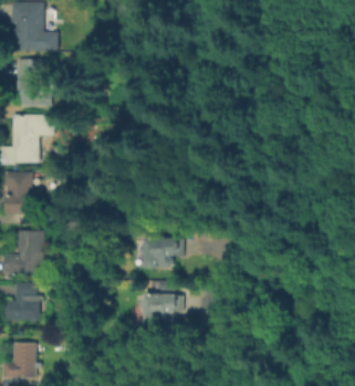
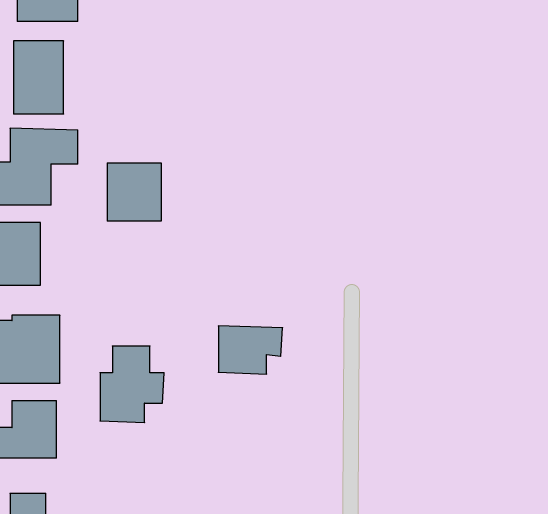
building: none -> [107,163,161,221]
building: [142,278,181,325] -> [100,346,164,423]

